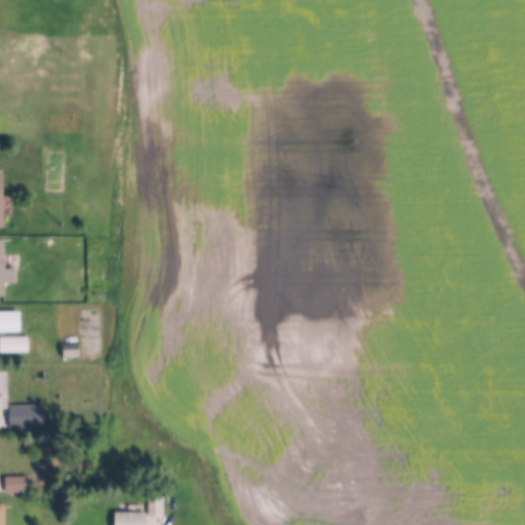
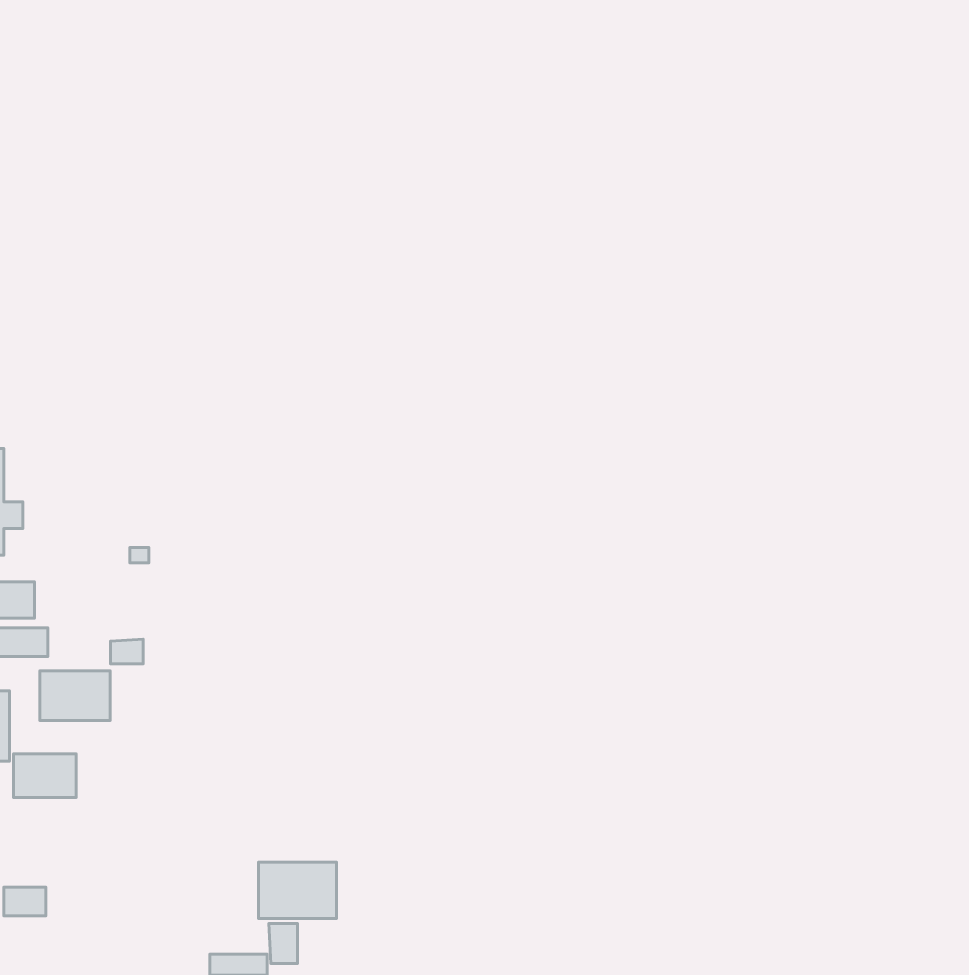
building: none -> [40,671,110,720]
building: none -> [259,862,337,918]

